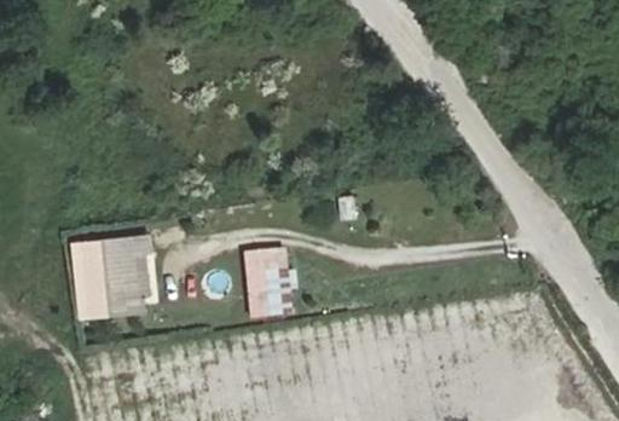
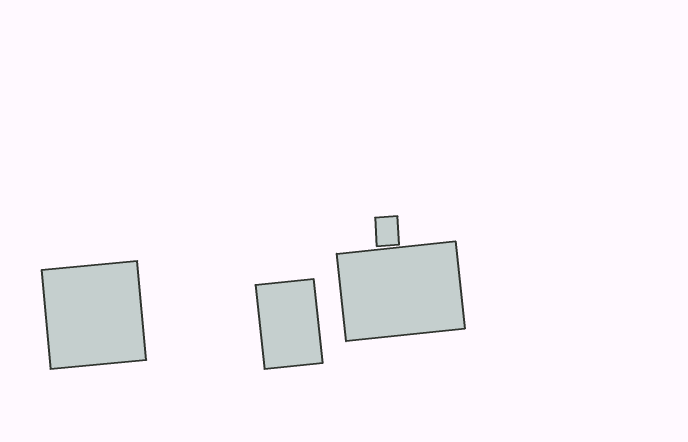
building: none -> [337,241,465,341]

